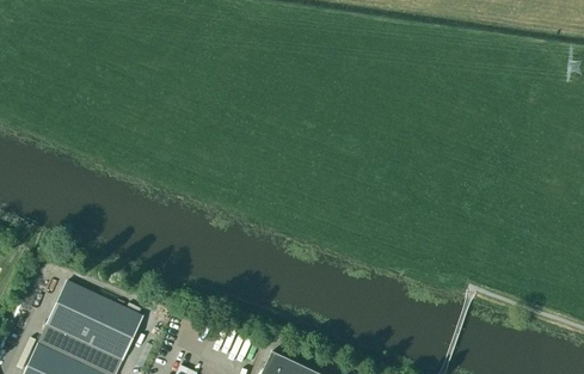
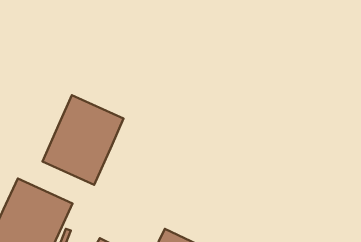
building: none -> [42,95,124,185]

